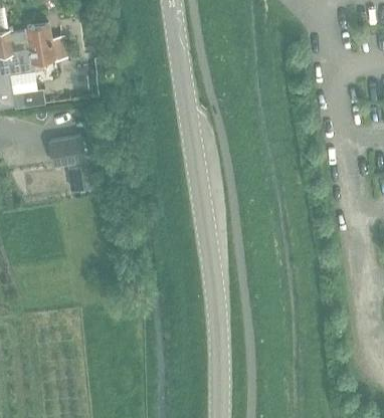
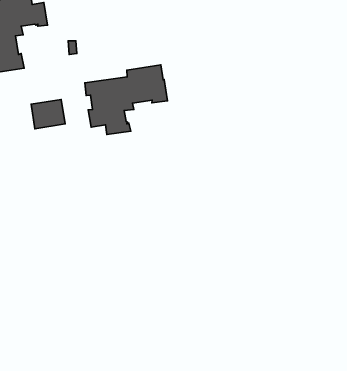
building: none -> [85,65,168,134]

